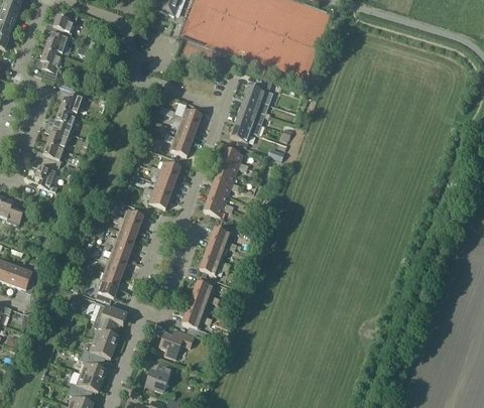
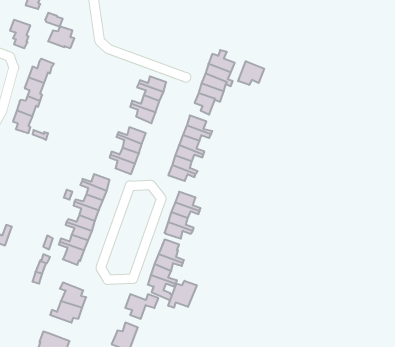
building: [44,34,72,56] -> [48,27,74,48]
building: none -> [238,61,264,85]
building: [34,162,59,191] -> none
building: [95,303,127,328] -> none
building: none -> [168,281,197,308]
building: [80,354,106,381] -> none

